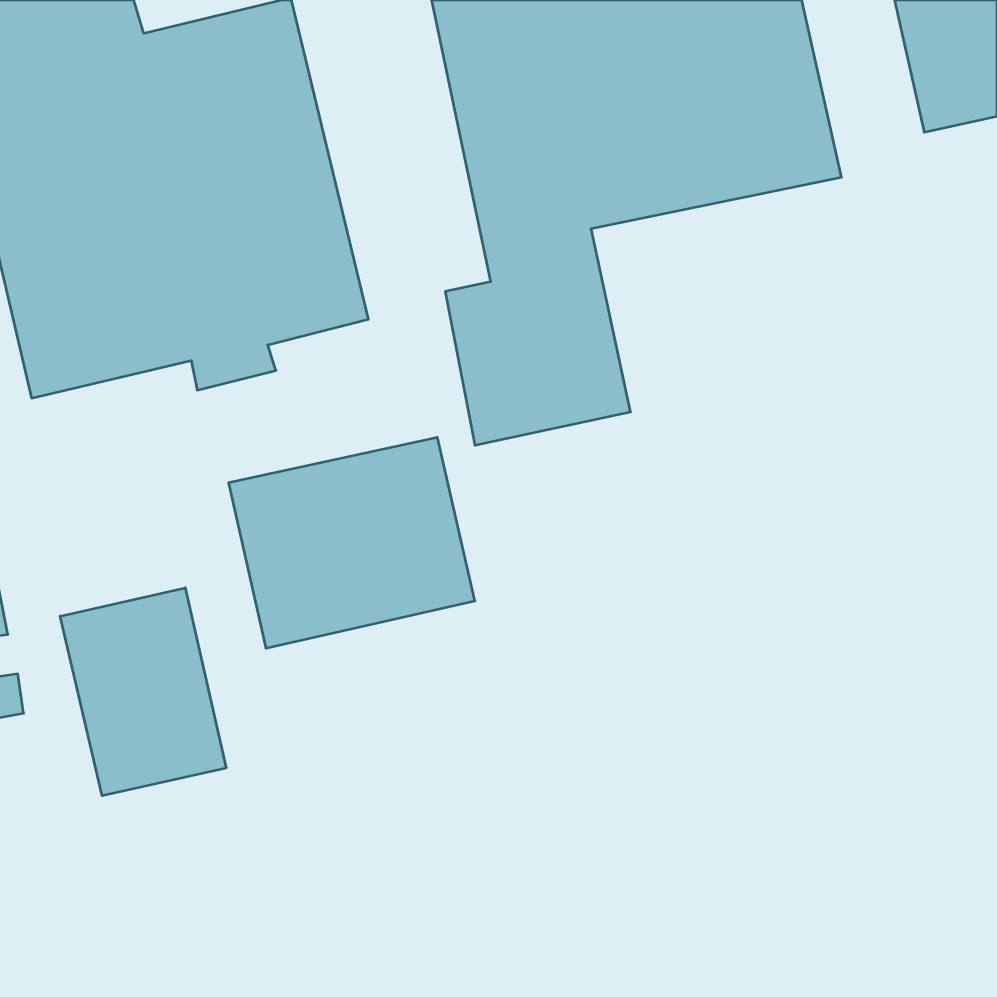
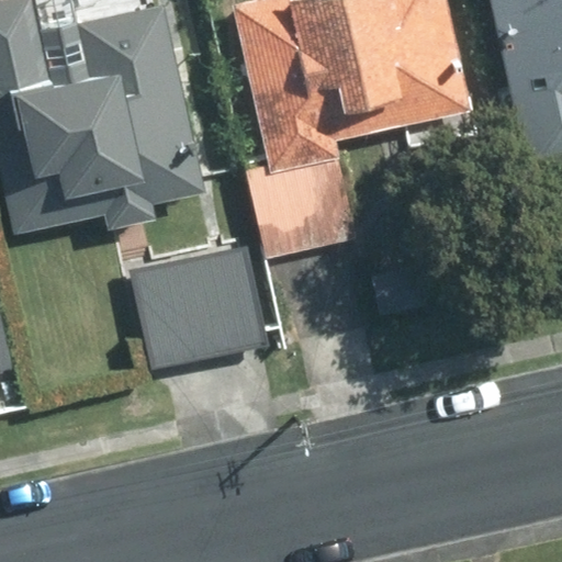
building: [60,588,226,796] -> none

